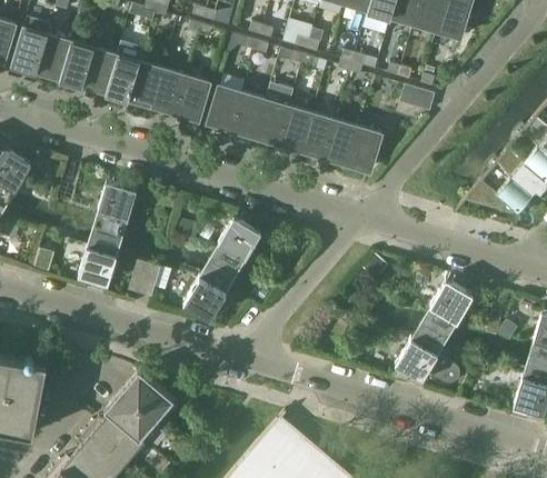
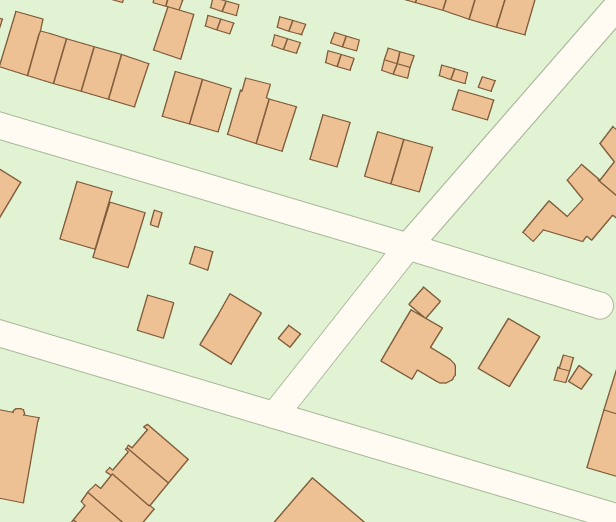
building: [128,63,162,108] -> [153,7,194,59]
building: [253,83,294,145] -> none
building: [300,113,335,159] -> none
building: [209,218,261,276] -> none
building: [78,228,122,286] -> [60,181,112,249]
building: [395,322,458,385] -> [381,310,455,383]

